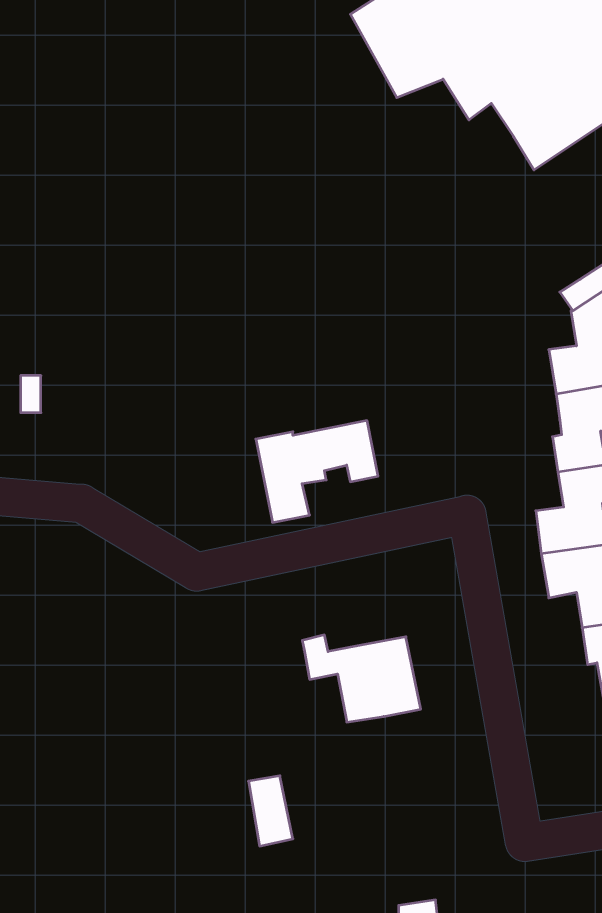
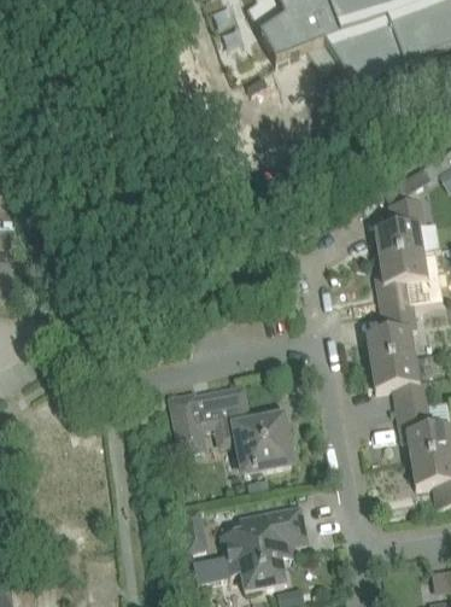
building: [256,421,378,522] -> [170,386,250,453]
building: none -> [193,507,306,591]

